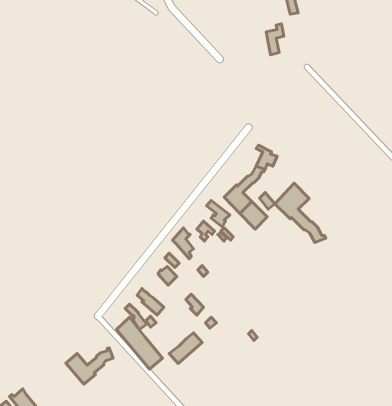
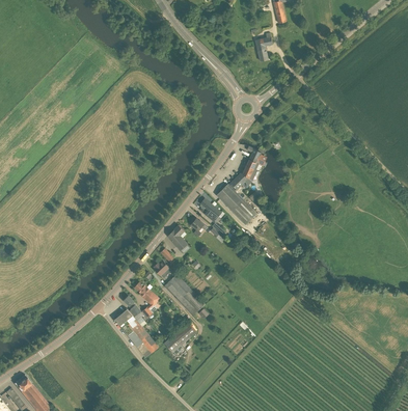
building: [275,183,326,242] -> none
building: [66,348,113,384] -> none

